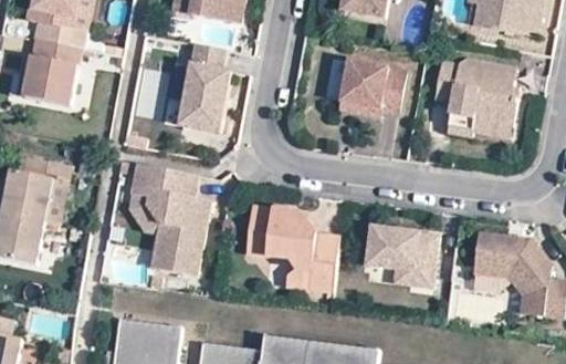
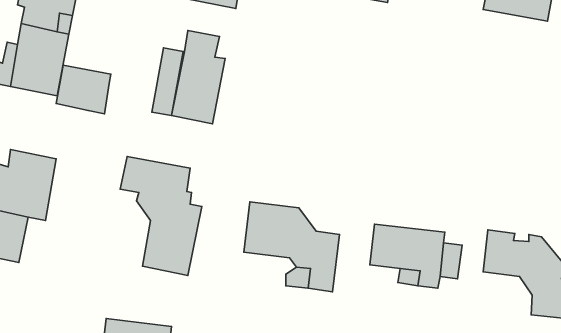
building: [434,60,516,137] -> none
building: [340,61,403,116] -> none
building: none -> [56,65,111,114]

